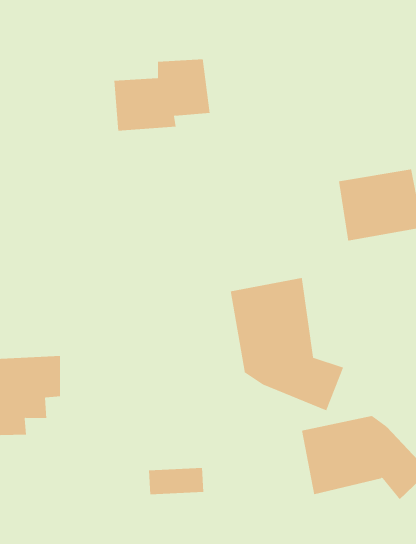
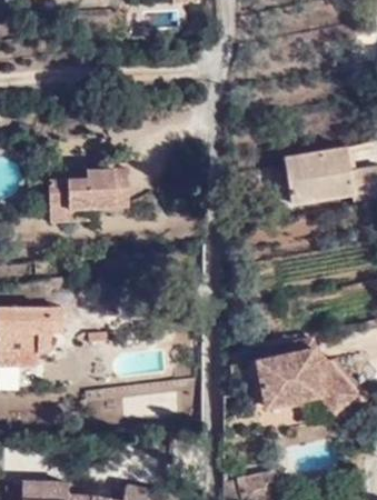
building: [114,59,210,131] -> [47,163,126,222]
building: [230,277,344,411] -> none

